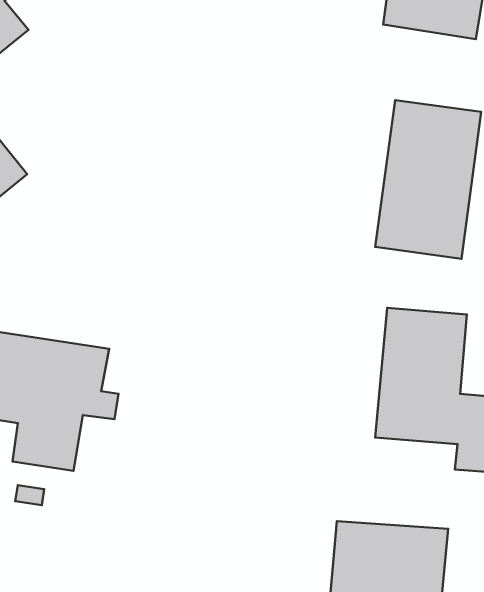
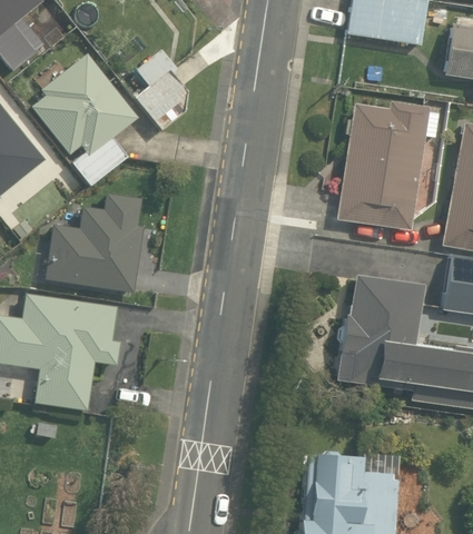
building: none -> [32,43,138,184]
building: none -> [134,48,191,129]
building: none -> [45,190,149,297]

